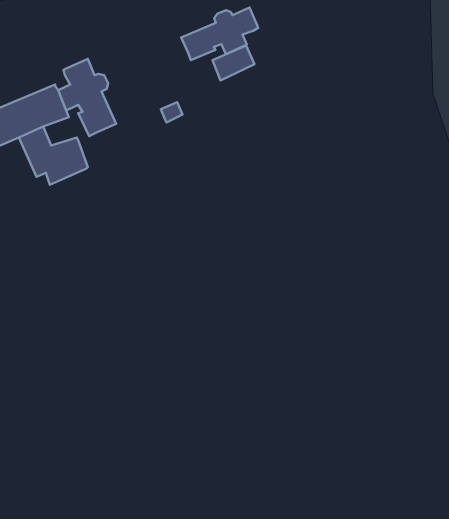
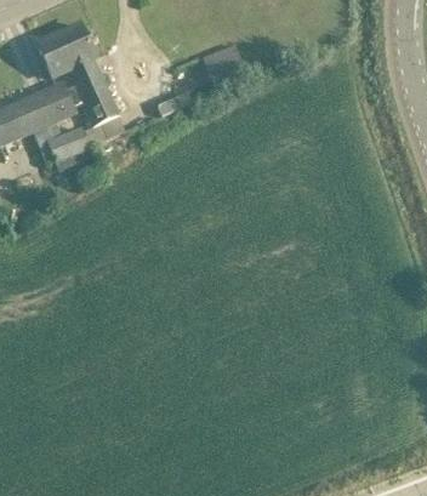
building: [181,7,258,60] -> none
building: none -> [36,23,95,74]

